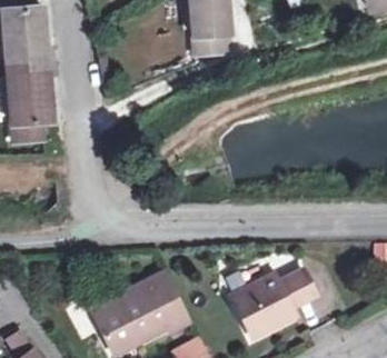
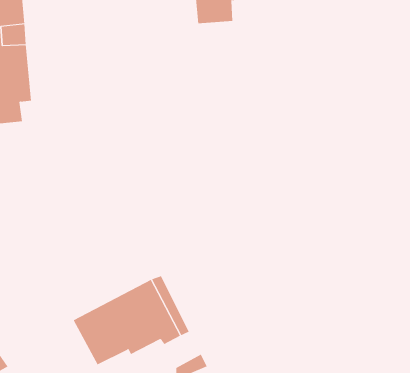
building: [230,269,316,338] -> none

